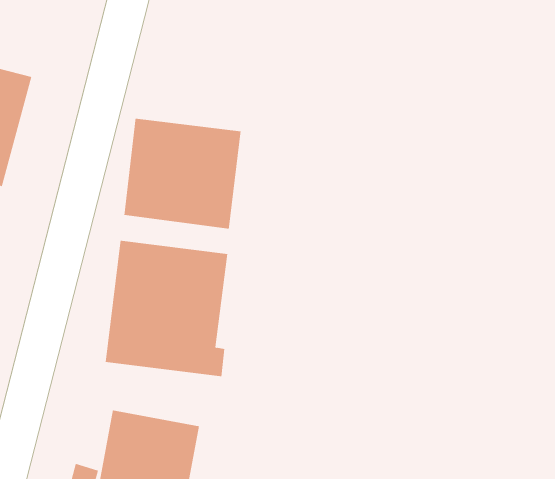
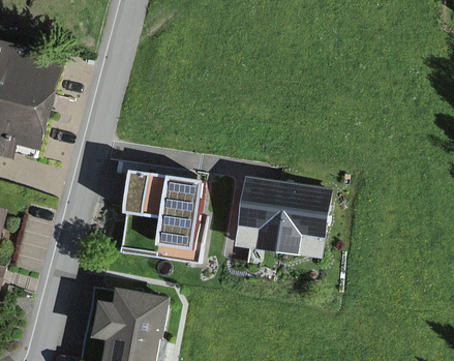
building: [124,118,241,230] -> none
building: none -> [226,179,324,261]

